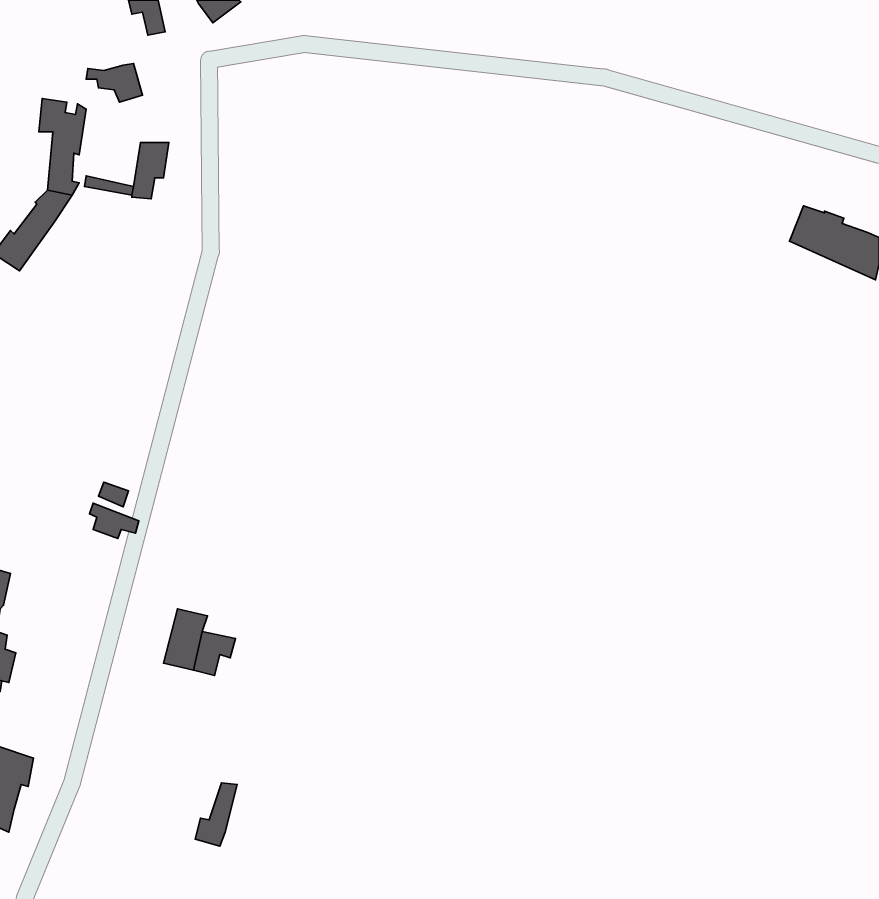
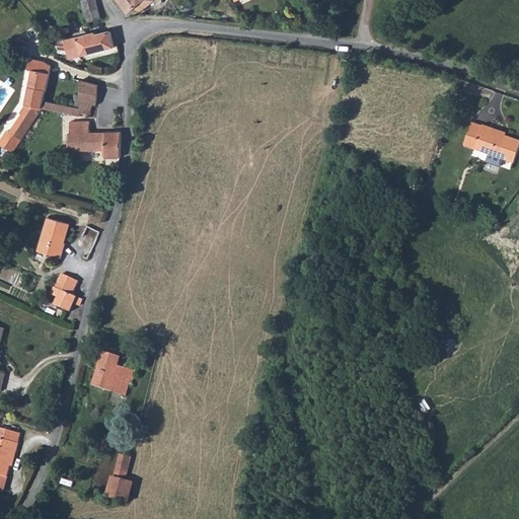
building: none -> [77,31,110,55]
building: none -> [61,121,119,156]
building: none -> [35,218,65,255]

